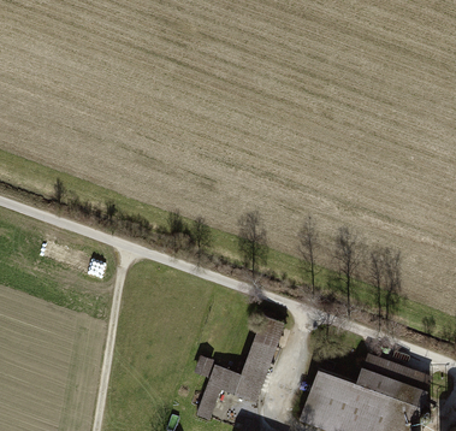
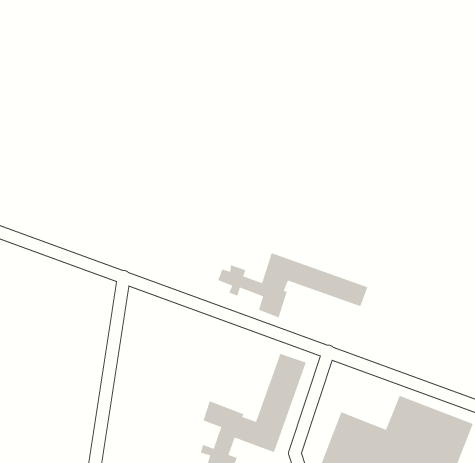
building: none -> [217,252,368,318]

